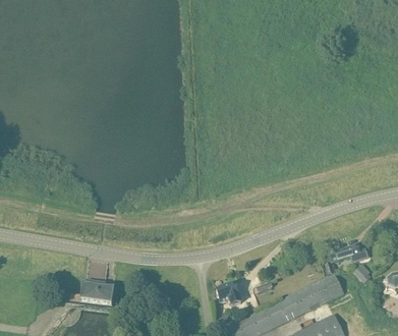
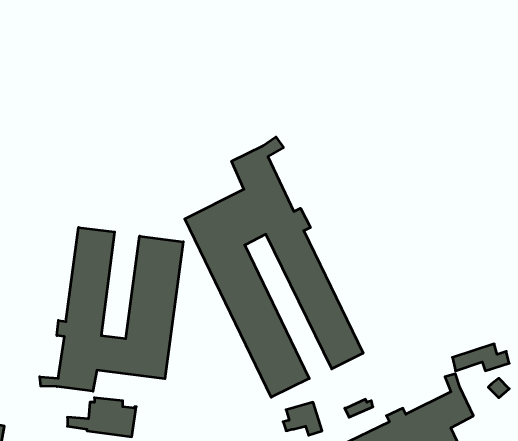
building: none -> [185,137,363,397]
building: none -> [40,227,183,391]

